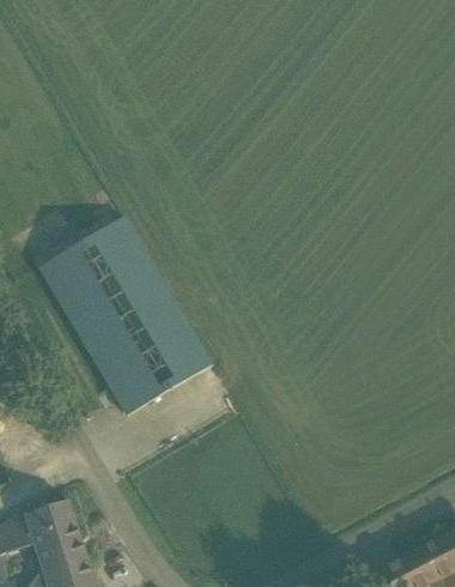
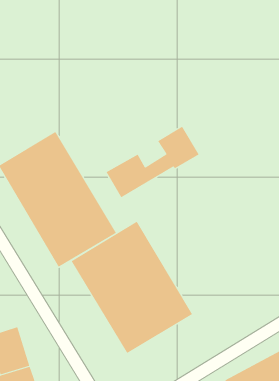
building: none -> [106,126,199,198]
building: none -> [71,221,193,354]

